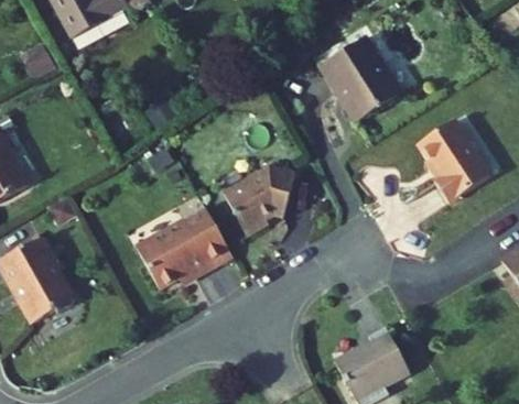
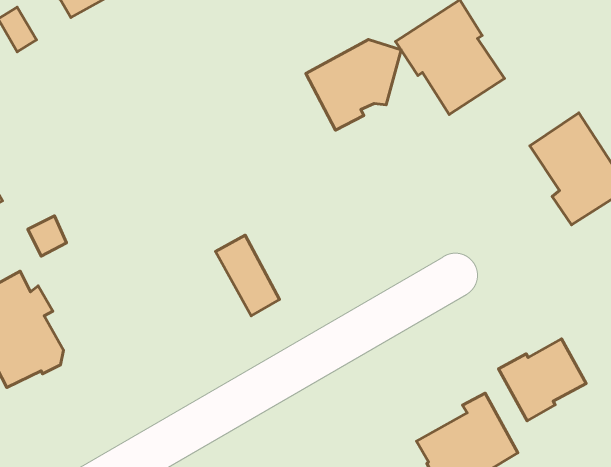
building: [225,166,295,233] -> [306,39,401,130]
building: [137,218,212,287] -> none
building: none -> [499,339,586,421]

